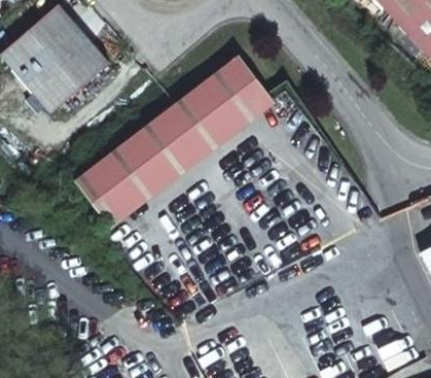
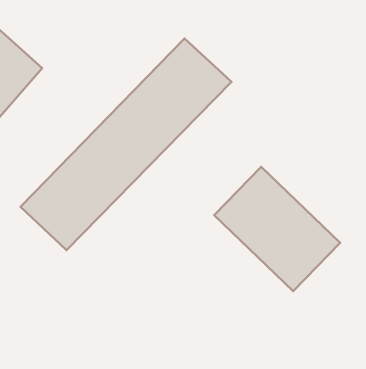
building: none -> [214,167,340,291]

